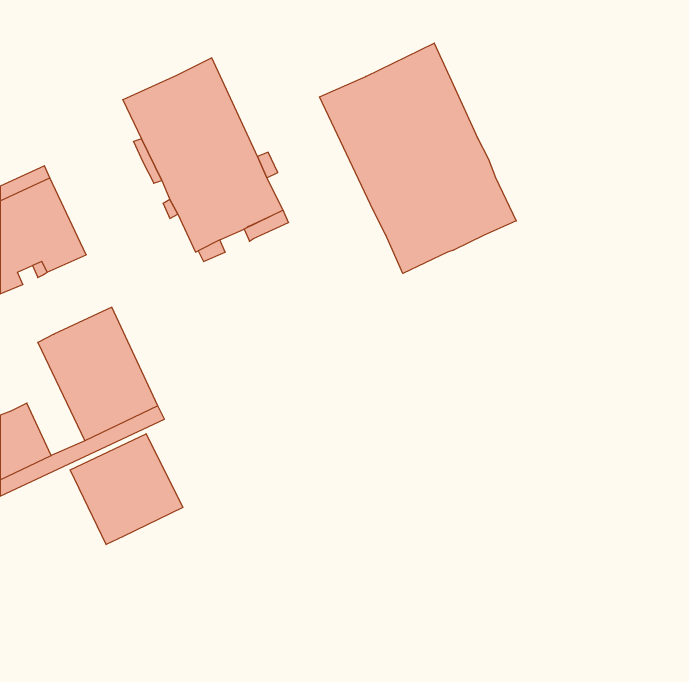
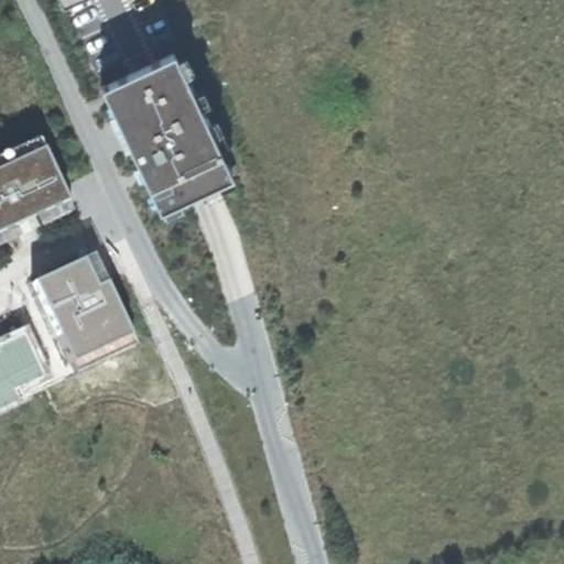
building: [320,43,516,273] -> none
building: [70,434,183,545] -> none

